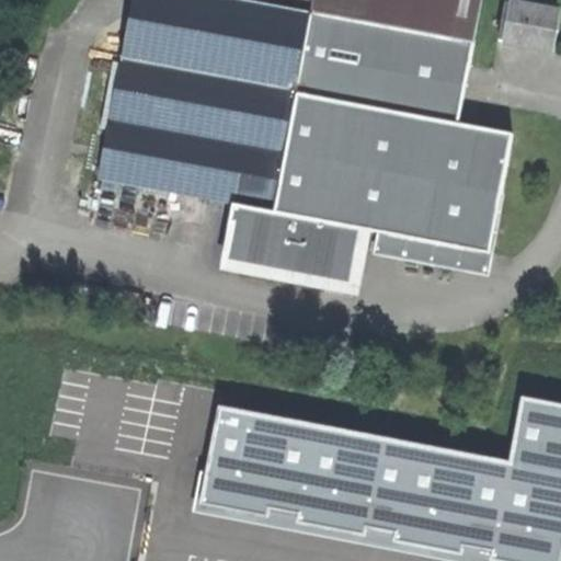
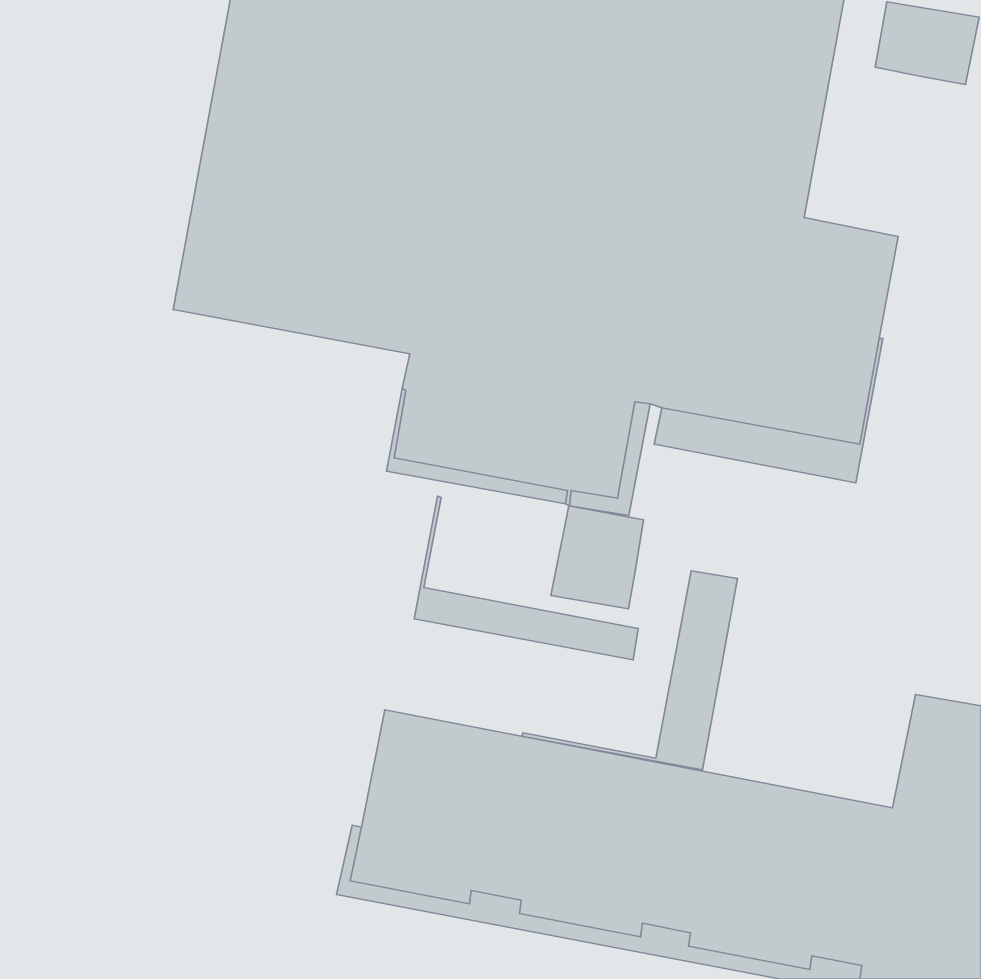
building: none -> [414,496,638,660]
building: none -> [551,506,644,609]
building: none -> [522,571,737,770]

